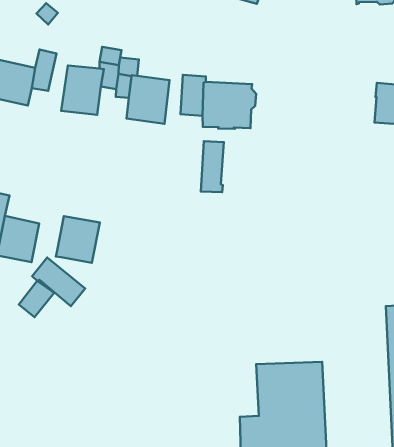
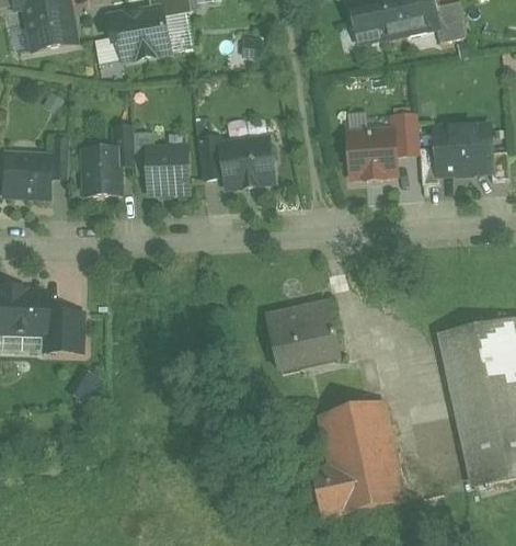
building: none -> [347,129,397,179]
building: [201,141,224,192] -> none
building: [56,216,100,263] -> none
building: [32,257,85,306] -> none
building: none -> [270,305,339,373]

